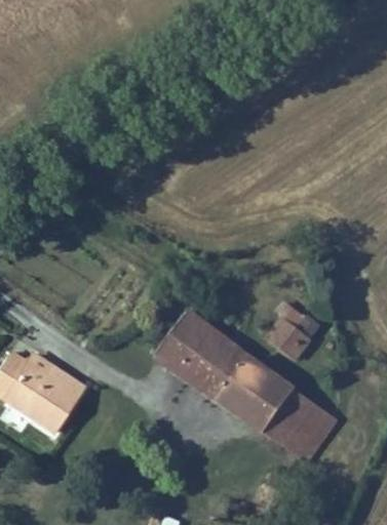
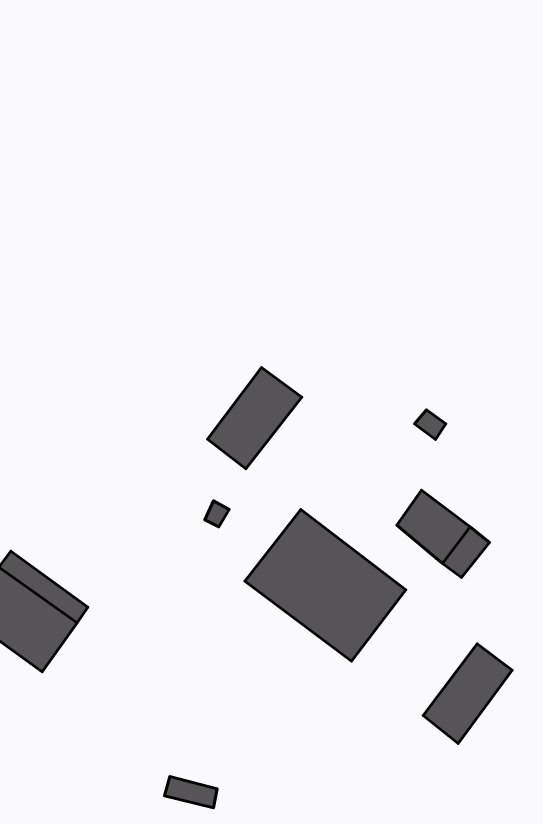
building: [156,311,211,370] -> [207,368,302,469]
building: [241,375,315,449] -> none

